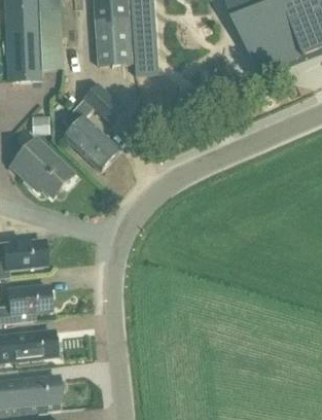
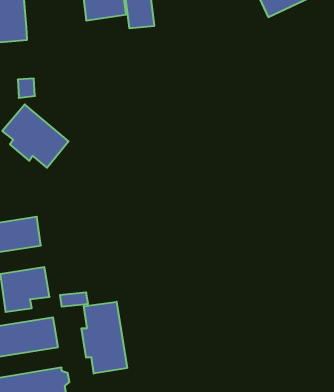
building: [65,84,127,170] -> none
building: none -> [81,302,127,374]

